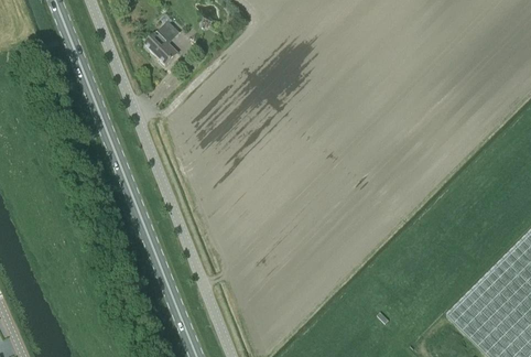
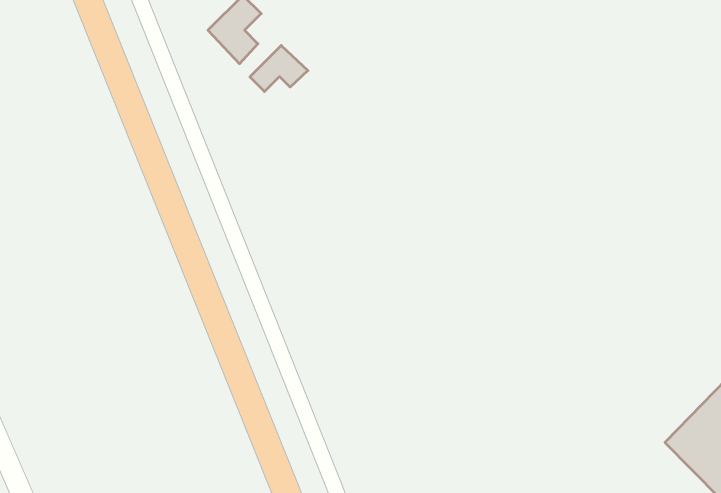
building: none -> [250,45,308,92]

